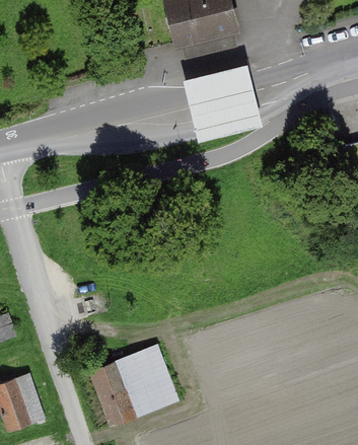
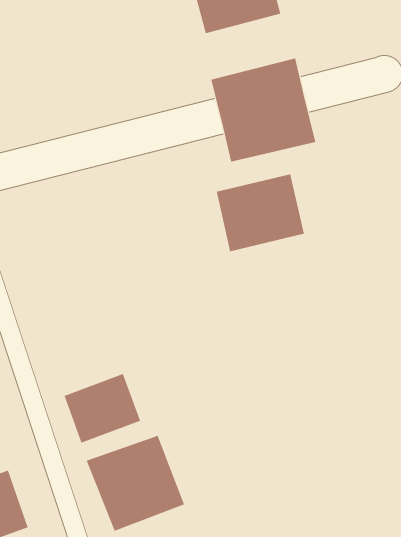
building: none -> [216,173,304,252]
building: none -> [64,373,141,444]

